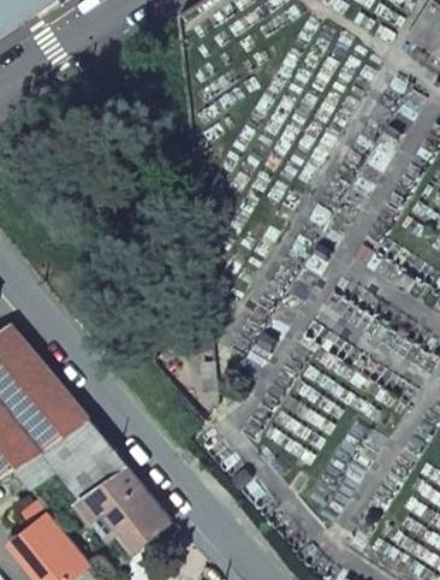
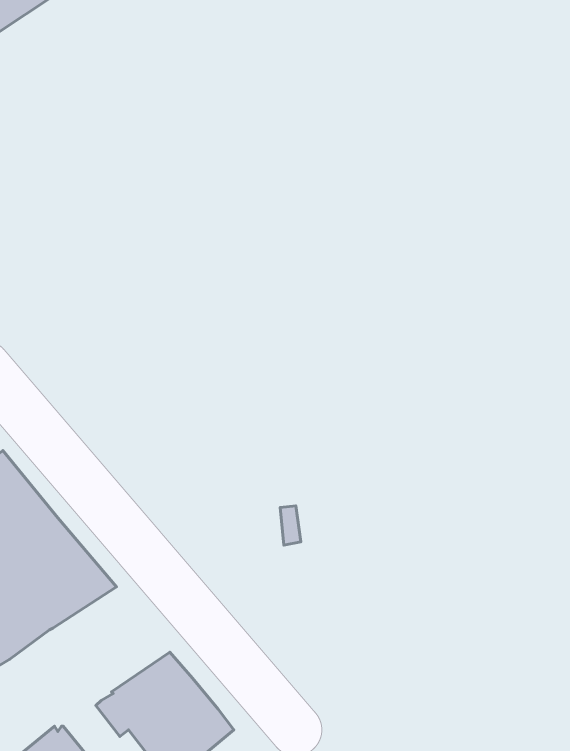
building: [12,418,124,497] -> none

